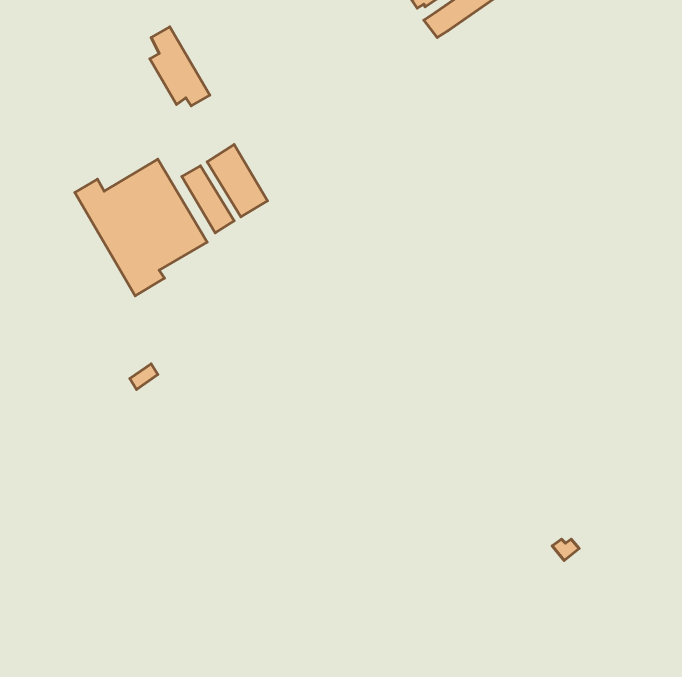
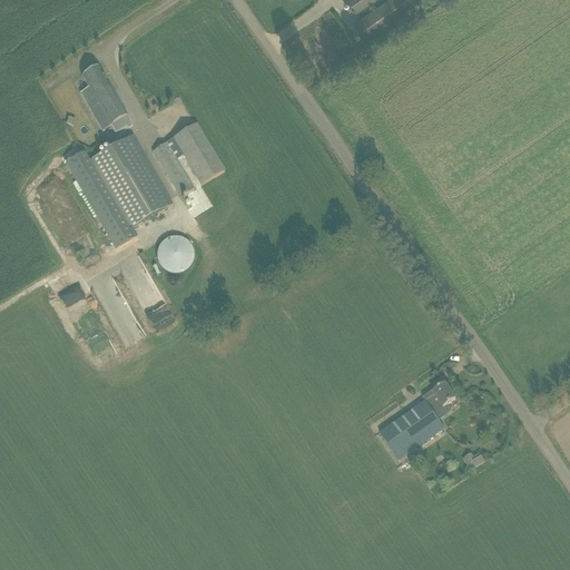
building: [150,27,210,106] -> [80,62,130,128]
building: none -> [156,234,193,271]
building: none -> [380,381,454,458]

